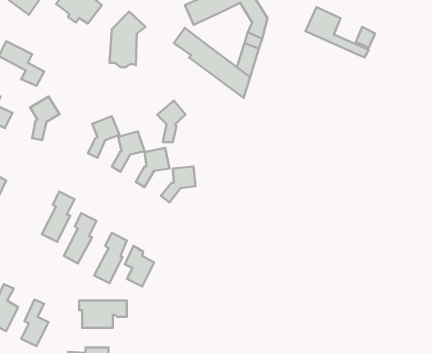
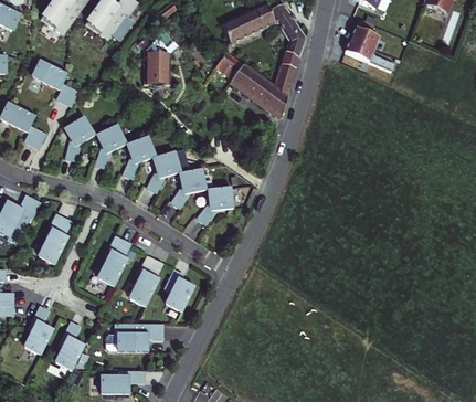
building: [157,101,186,142] -> none
building: none -> [95,125,125,169]
building: [42,192,74,242] -> [39,213,72,264]

